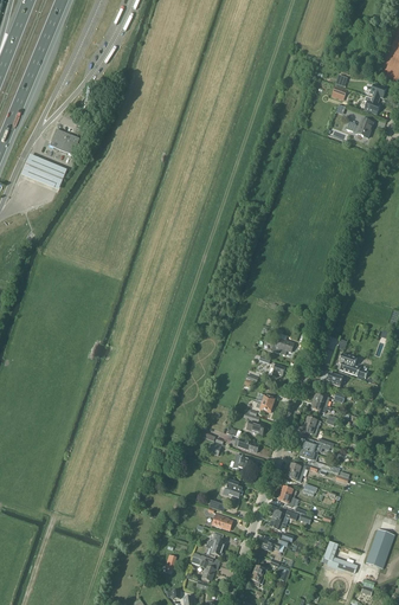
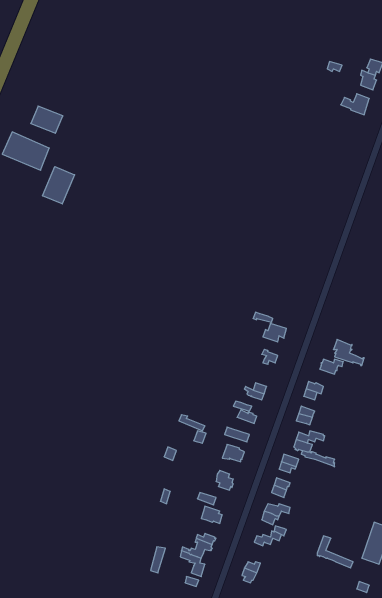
building: none -> [43,167,75,204]

